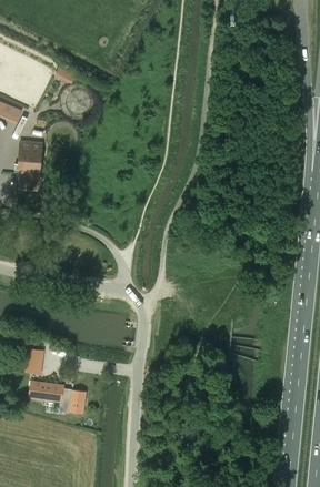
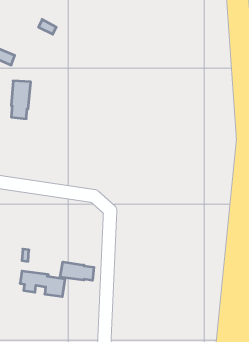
building: none -> [60,262,94,280]

